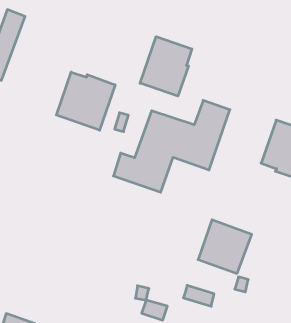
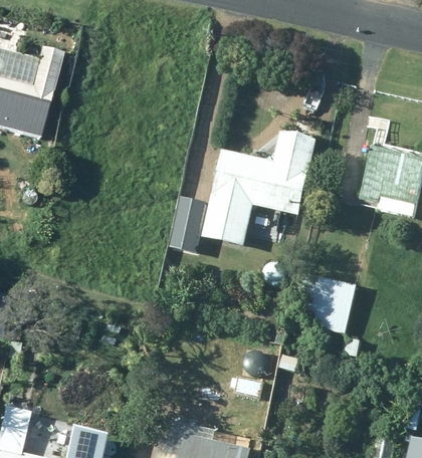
building: [140,37,192,96] -> none
building: [56,72,115,130] -> none

